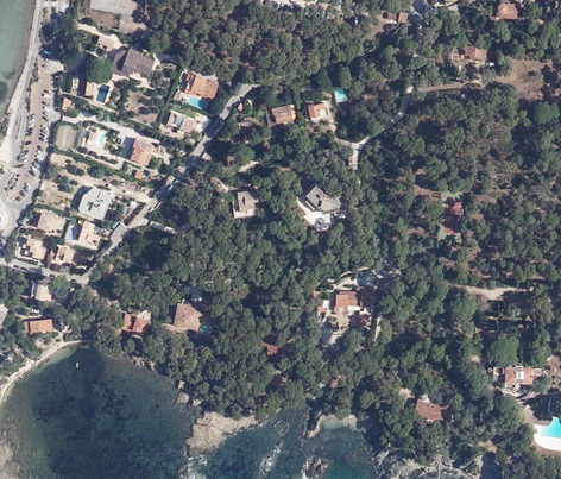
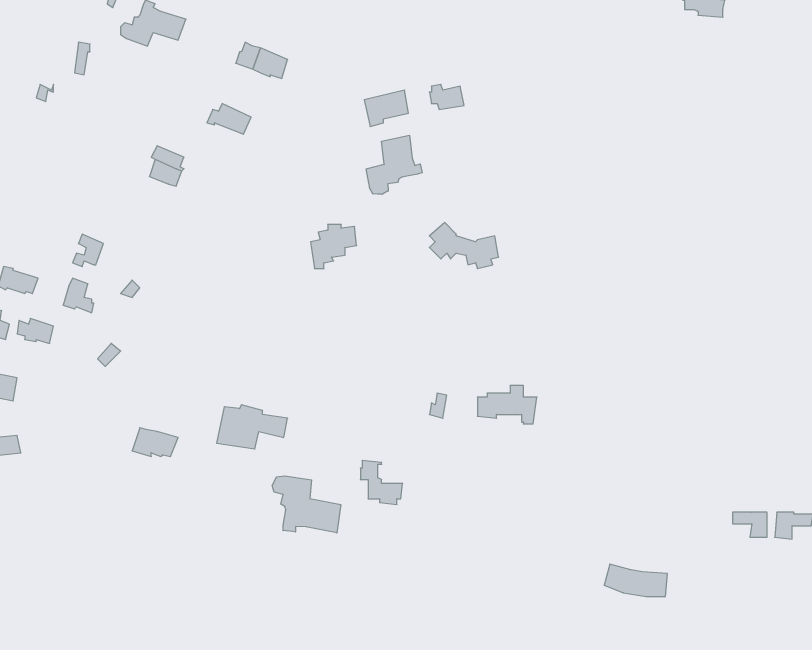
building: none -> [366,135,422,194]
building: none -> [272,476,341,533]

